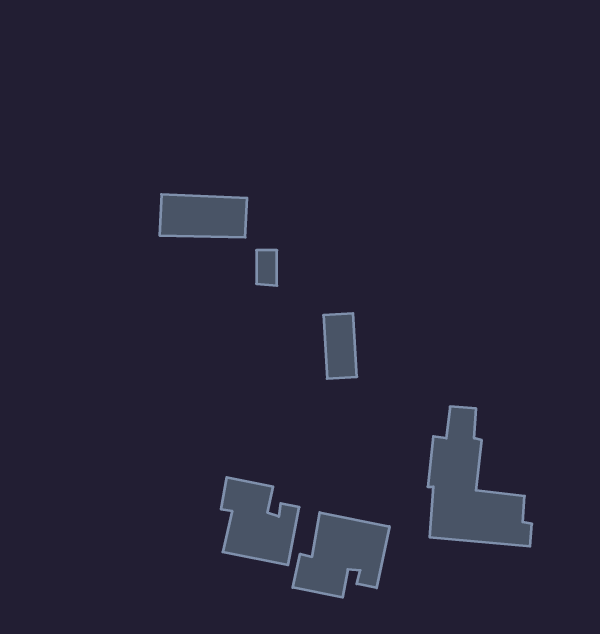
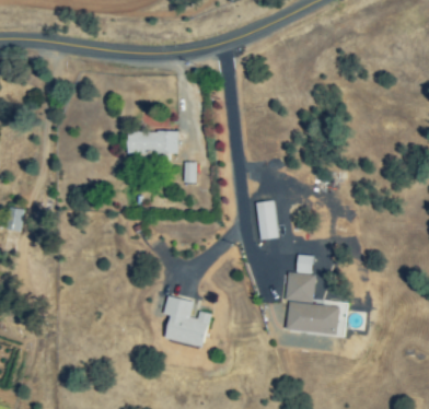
building: [323,313,357,379] -> [257,200,277,238]
building: [293,512,389,597] -> none

